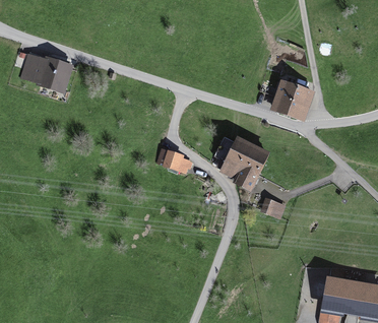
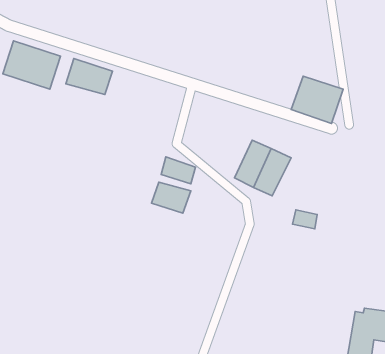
building: none -> [66,59,113,94]
building: none -> [152,182,191,213]

